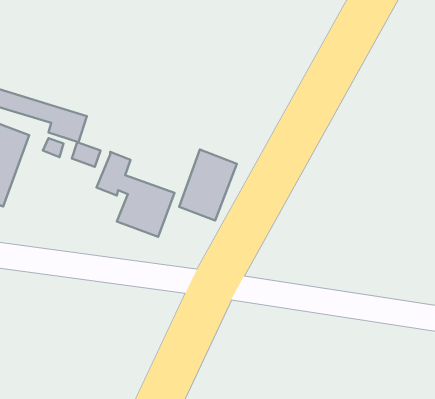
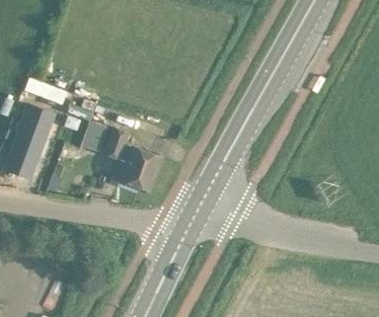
building: [179,149,237,220] -> none

